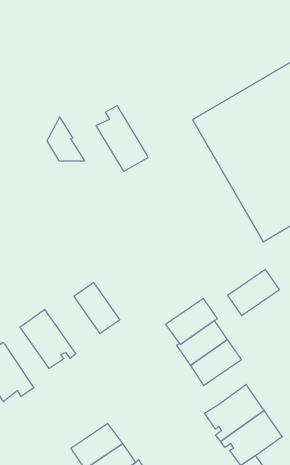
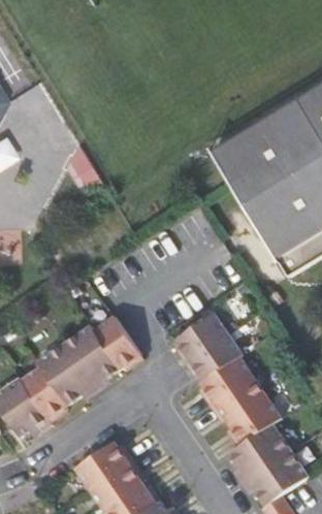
building: [96,106,148,171] -> none
building: [228,270,279,316] -> [173,311,227,358]
building: none -> [63,325,120,388]
building: none -> [22,365,67,417]
building: none -> [227,394,281,442]
building: none -> [75,440,128,486]

